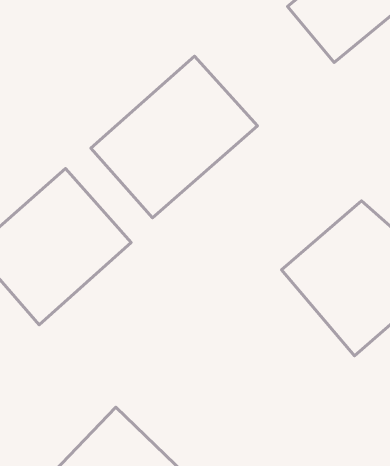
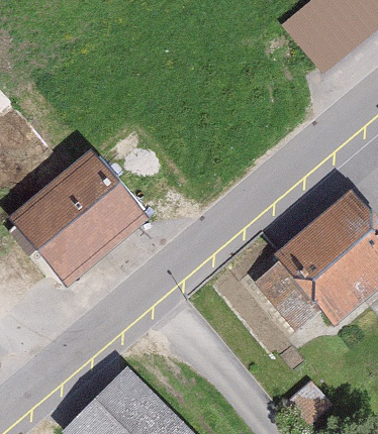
building: [91,56,257,218] -> none

